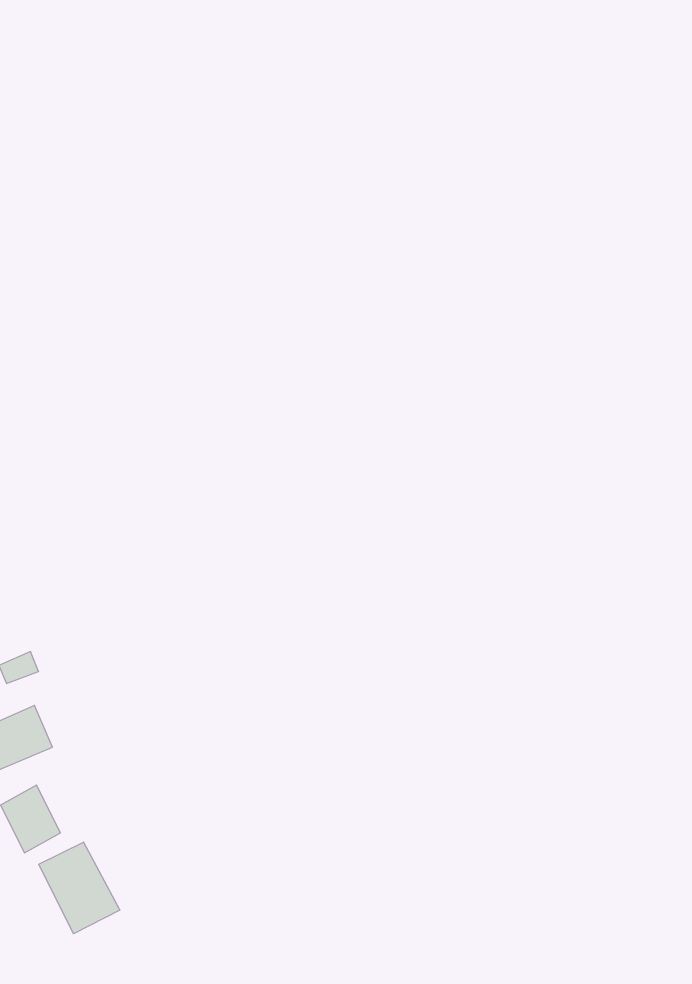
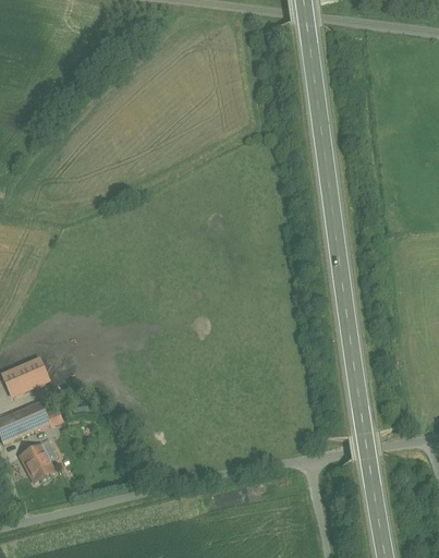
building: [39,842,120,934] -> none

